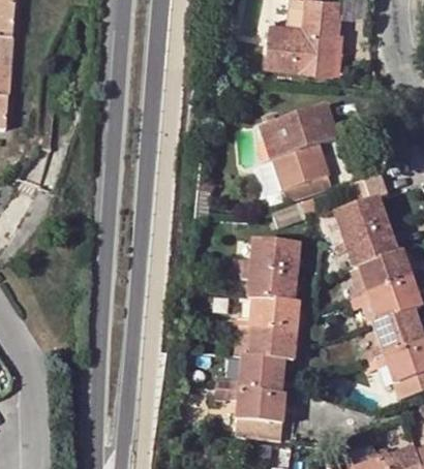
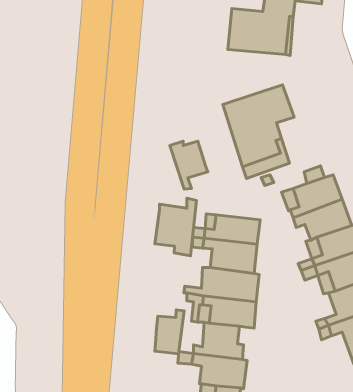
building: none -> [170,141,208,189]
building: none -> [155,198,197,256]
building: none -> [155,310,184,354]

